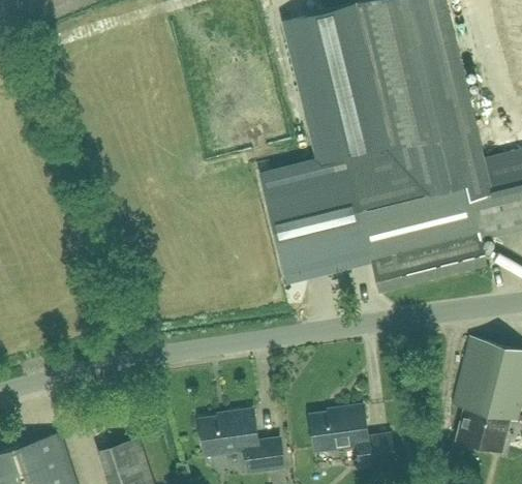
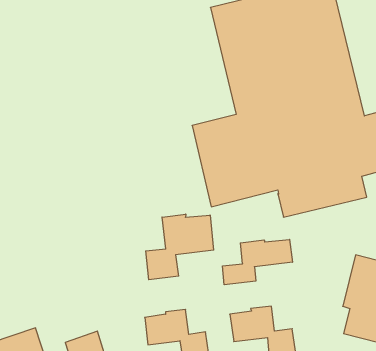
building: none -> [146,214,214,280]
building: none -> [223,239,292,285]

